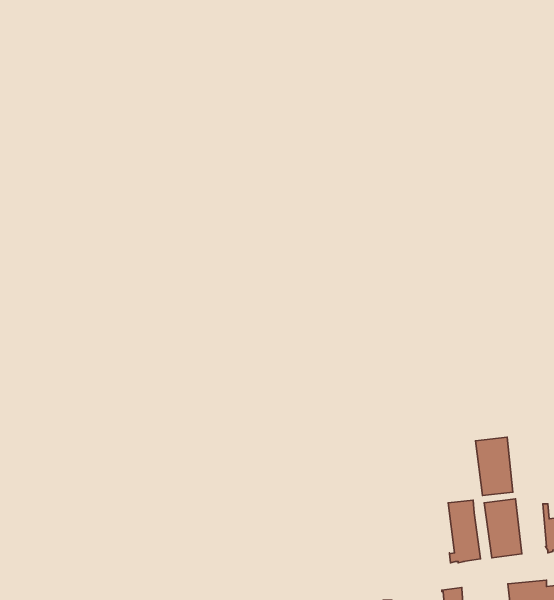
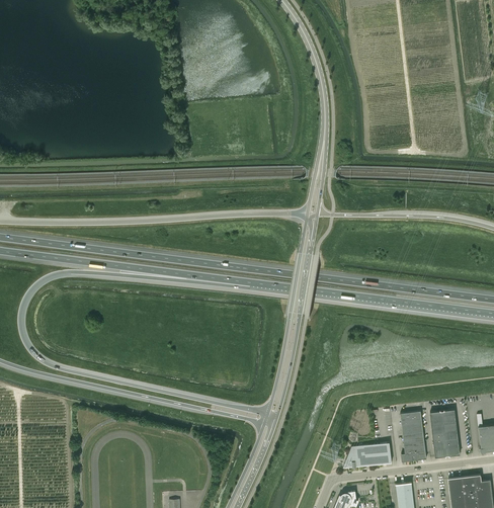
building: [475,437,513,496] -> none
building: none -> [343,442,392,469]

